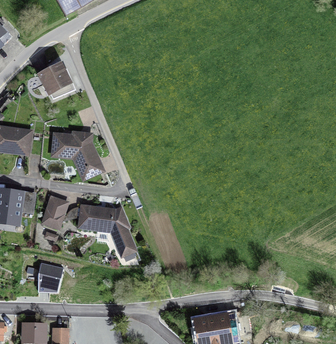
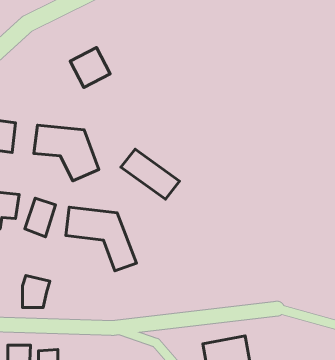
building: [37,59,72,94] -> [70,47,110,87]
building: none -> [121,149,180,199]

